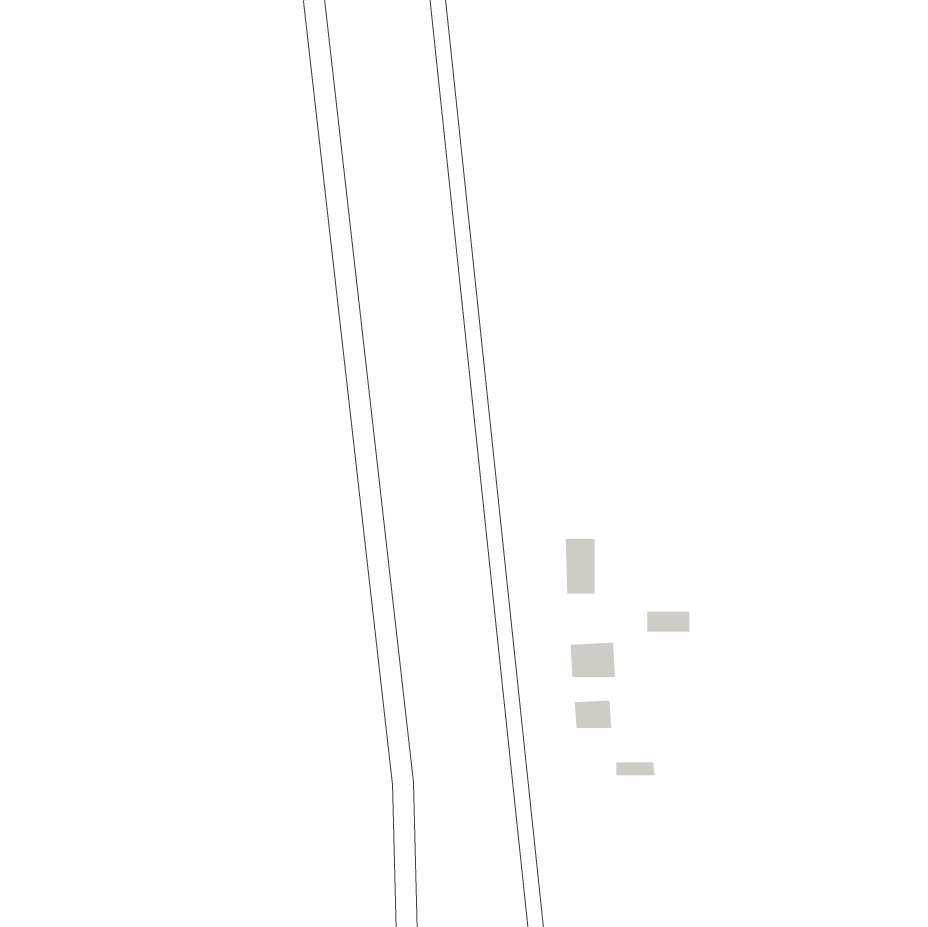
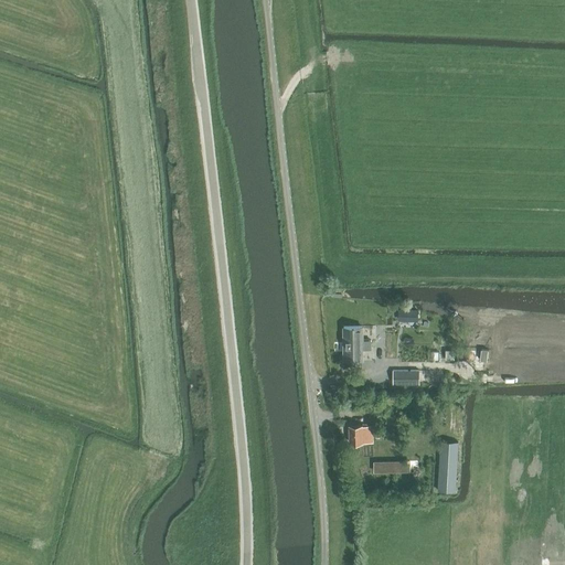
building: [570,642,616,678] -> none
building: none -> [438,443,458,493]

